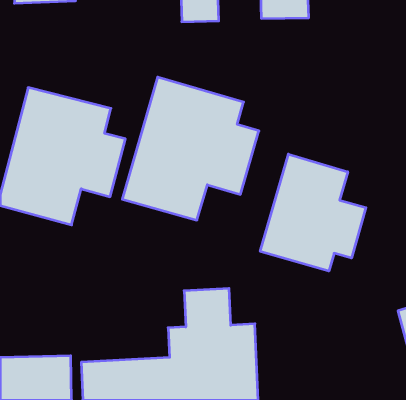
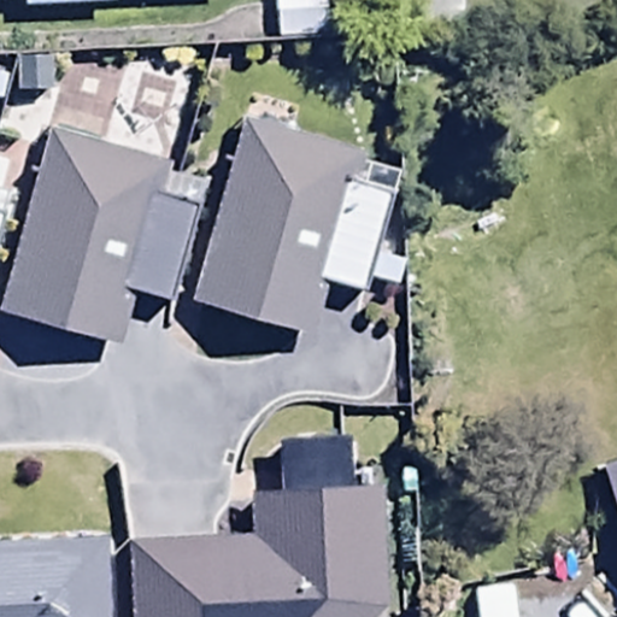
building: [260,154,366,271] -> none

